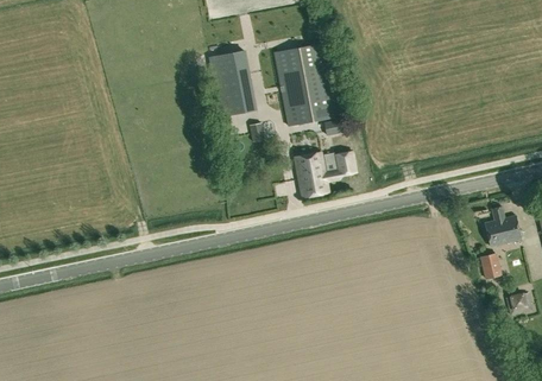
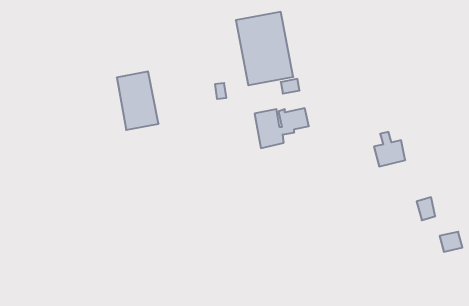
building: [209,50,257,116] -> [117,71,159,130]
building: [485,207,521,246] -> [374,132,405,166]

